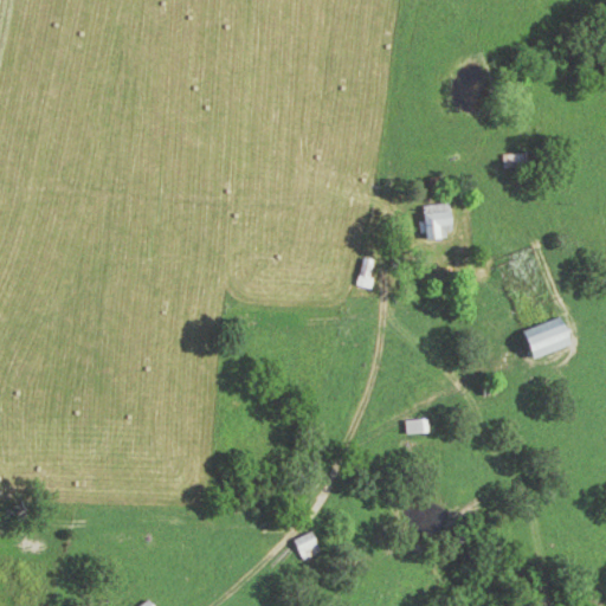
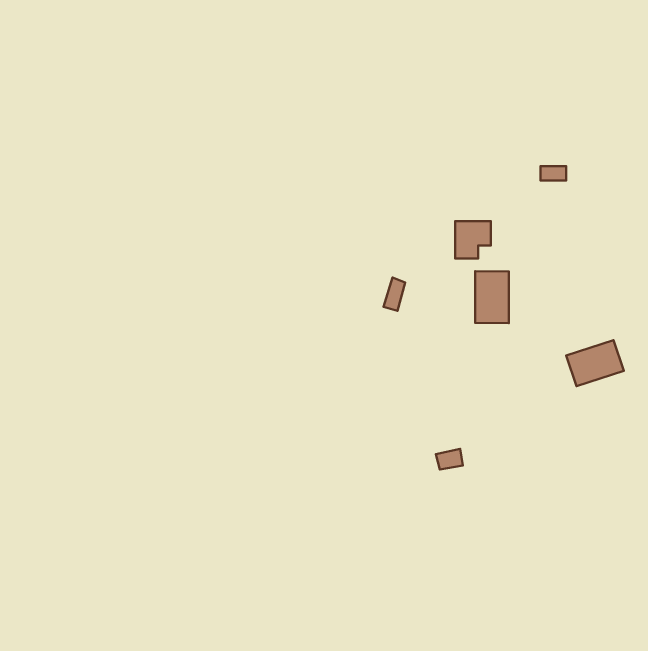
building: none -> [475,271,509,323]
building: [291,530,322,561] -> none

